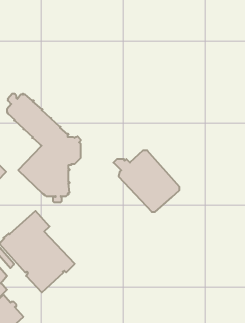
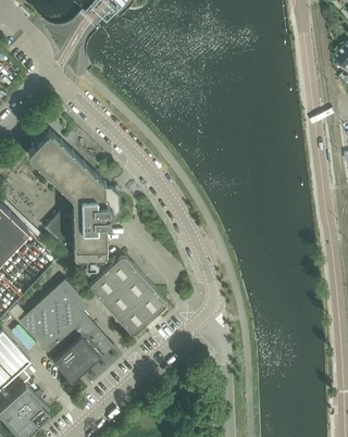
building: [113,150,179,212] -> [83,259,165,336]

